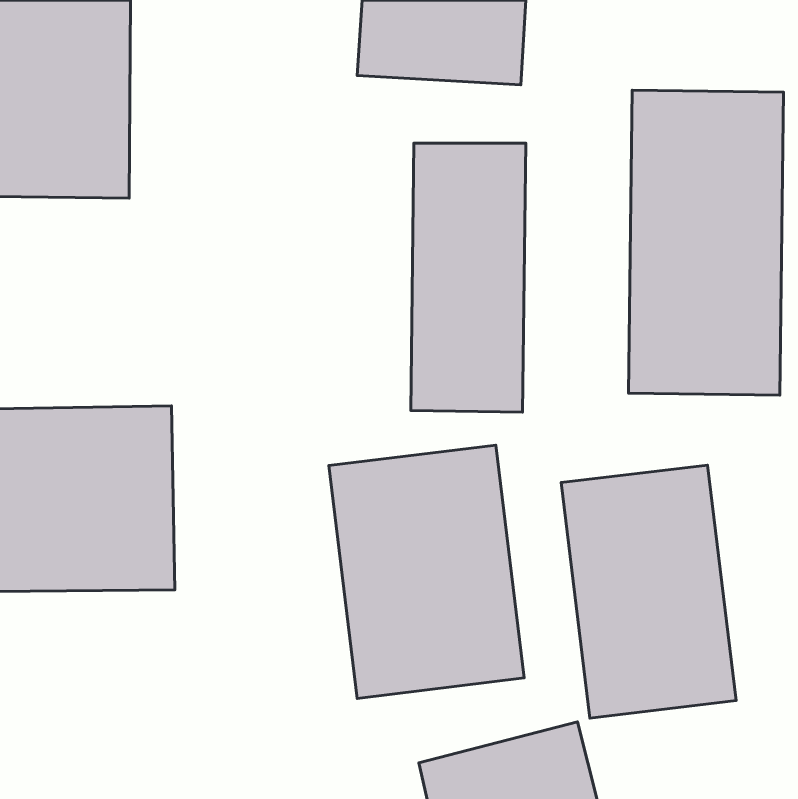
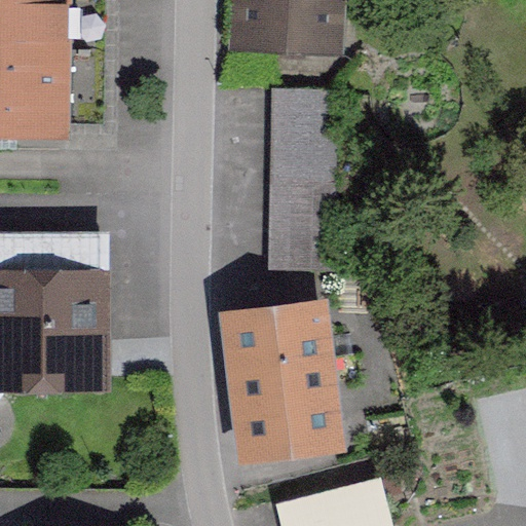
building: [628,90,783,395] -> none
building: [561,465,736,718] -> none

